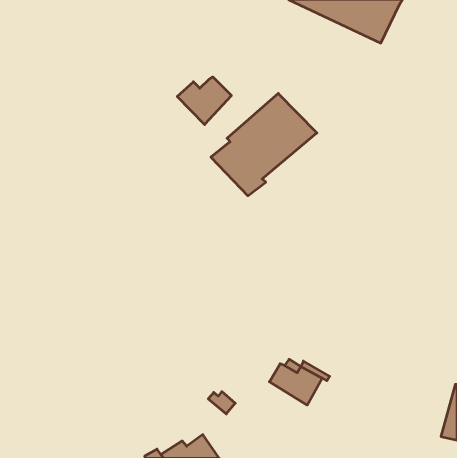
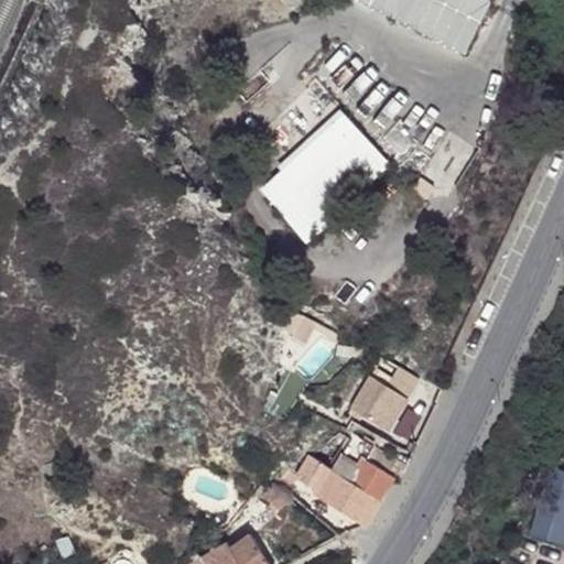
building: [177,77,231,125] -> none
building: none -> [347,367,411,438]
building: none -> [295,454,377,520]

